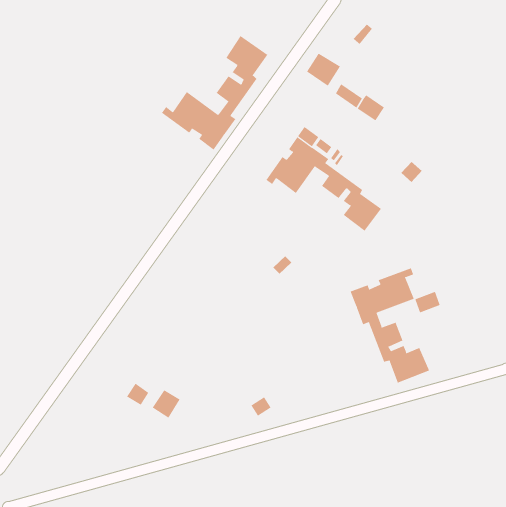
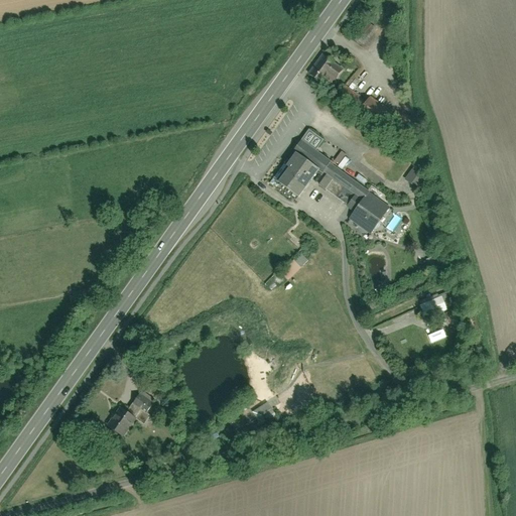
building: [161,35,268,150] -> none
building: [350,267,430,384] -> none
building: [152,390,181,418] -> [103,406,132,435]

